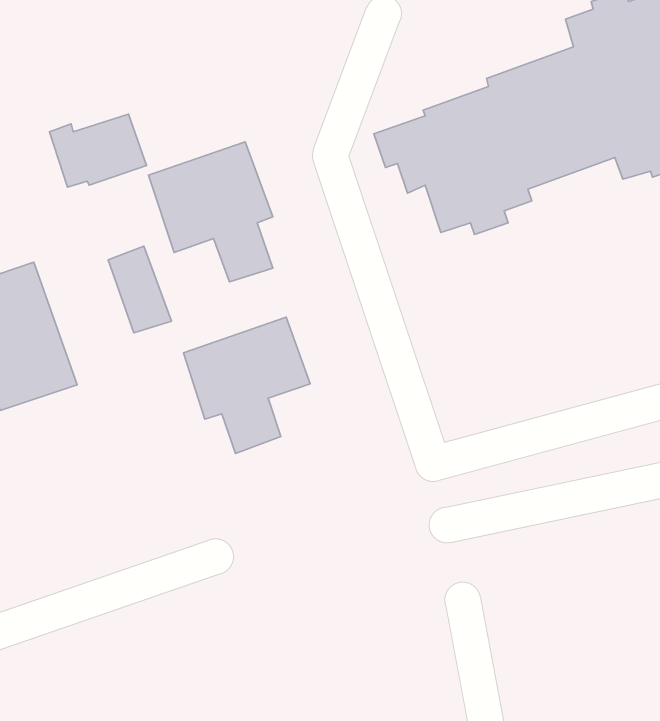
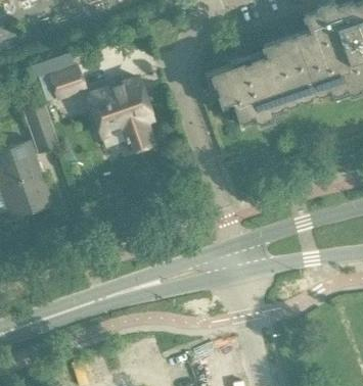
building: [108,246,171,333] -> [24,107,56,152]
building: [183,317,310,453] -> none

